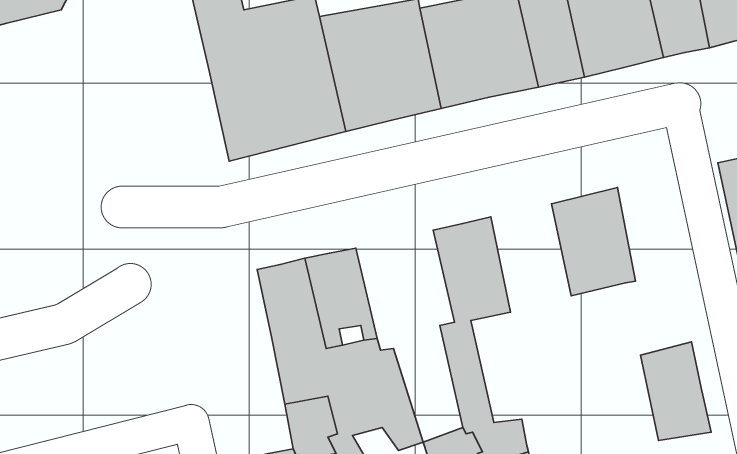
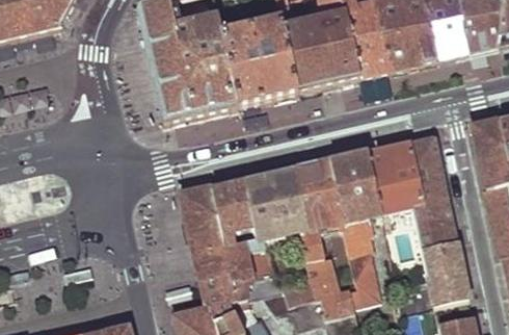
building: none -> [409,135,456,247]
building: none -> [329,151,383,304]
building: none -> [244,168,306,236]

